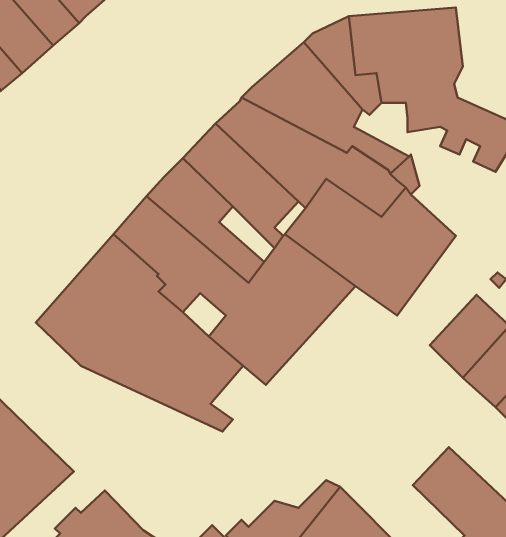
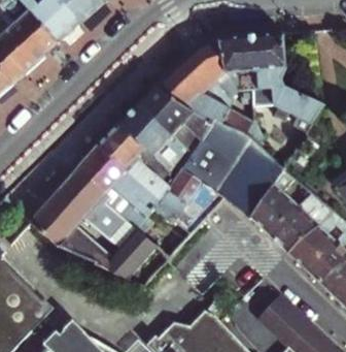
building: none -> [248,168,296,233]

